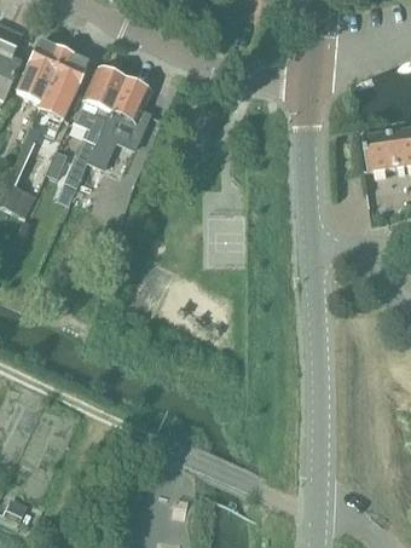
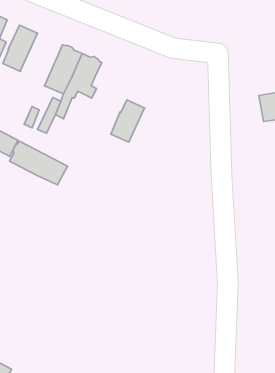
building: [40,51,88,113] -> none
building: none -> [111,100,145,142]
building: none -> [10,141,68,185]

